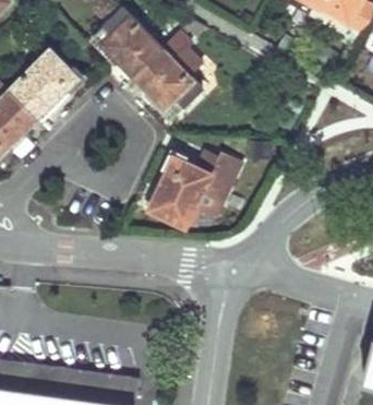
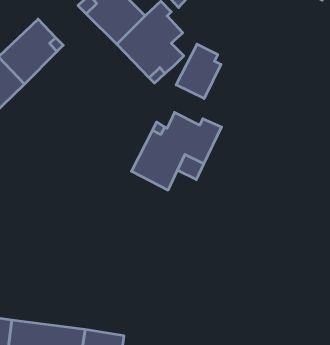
building: none -> [176,44,221,99]

